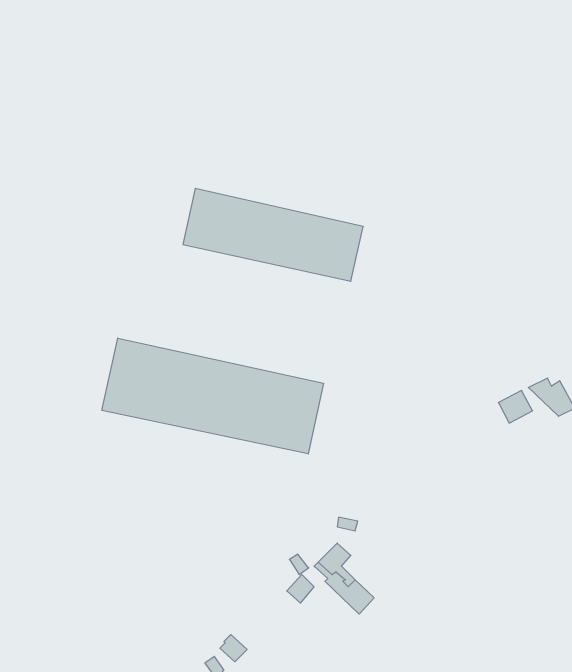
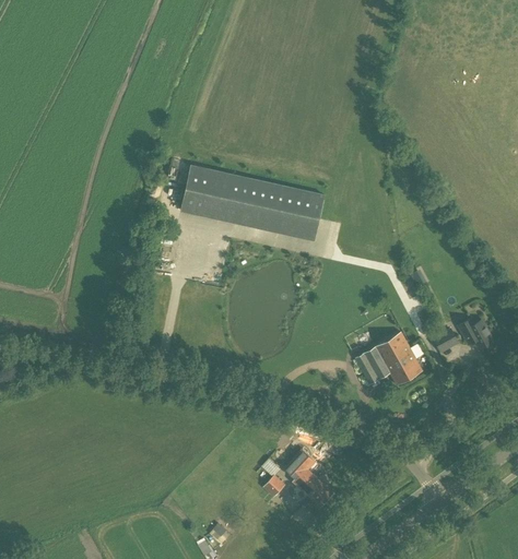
building: [102,338,323,454] -> none
building: none -> [356,332,423,383]

